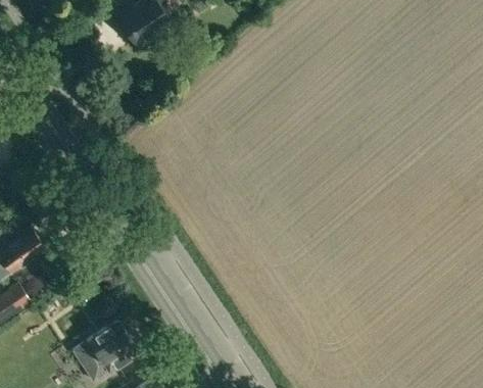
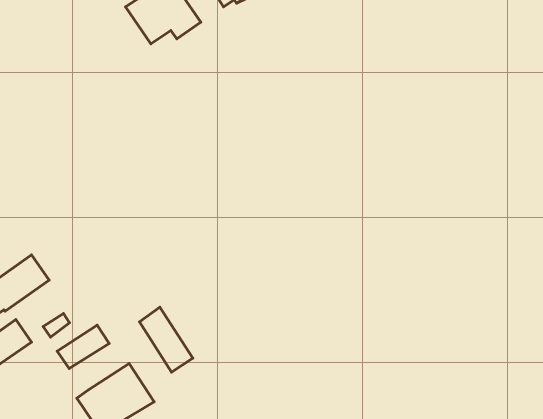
building: none -> [139,307,193,372]
building: none -> [57,325,109,368]

